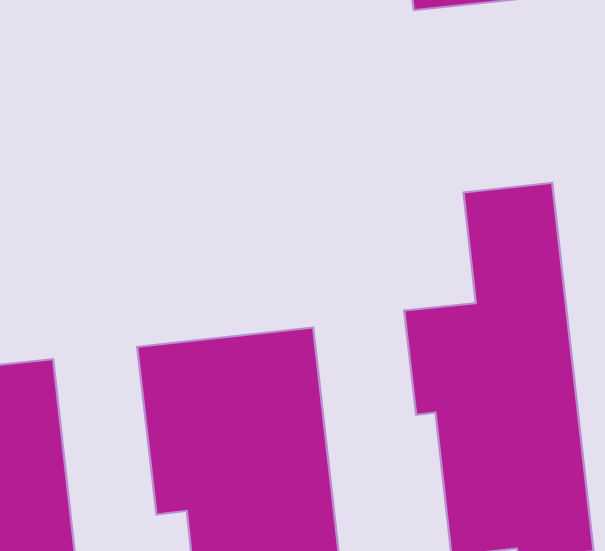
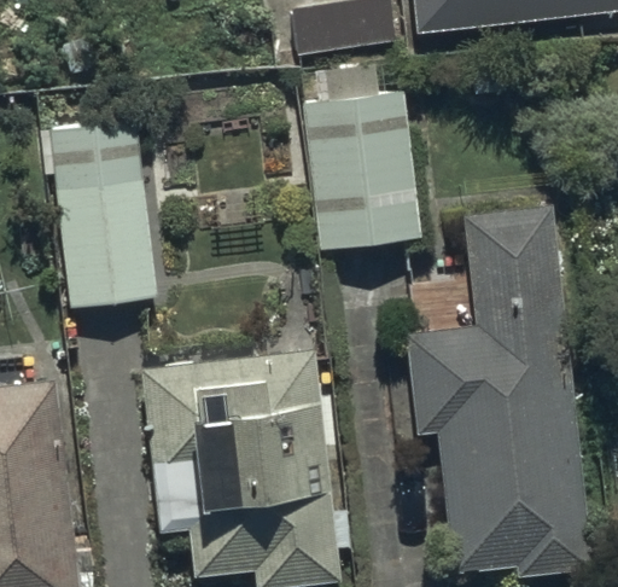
building: none -> [302,92,420,250]
building: none -> [49,118,157,307]

